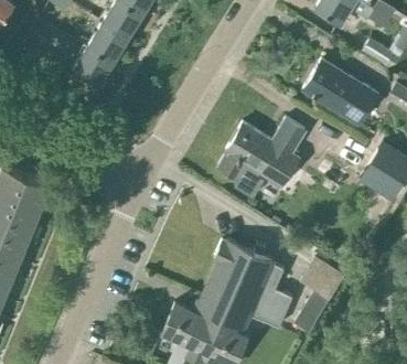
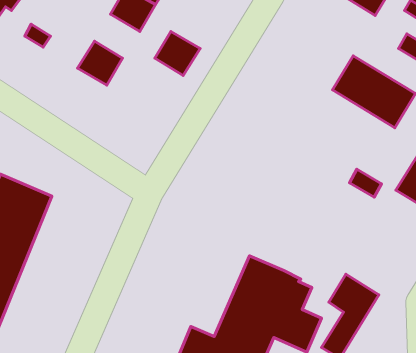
building: [87,22,128,62] -> [155,31,200,75]
building: [218,118,304,201] -> none

